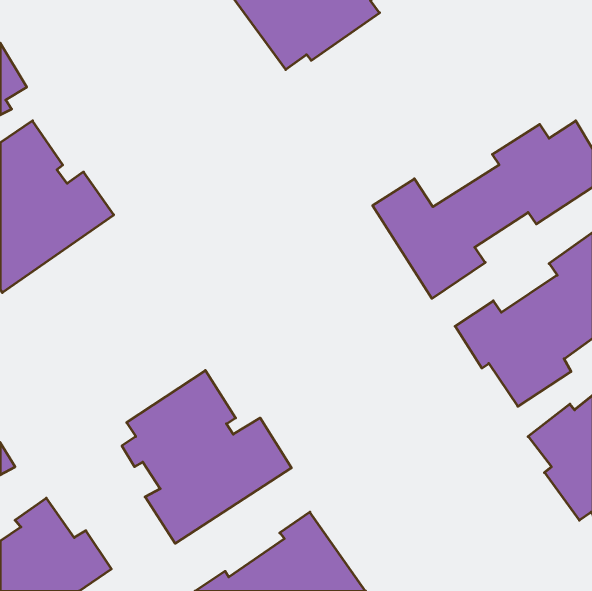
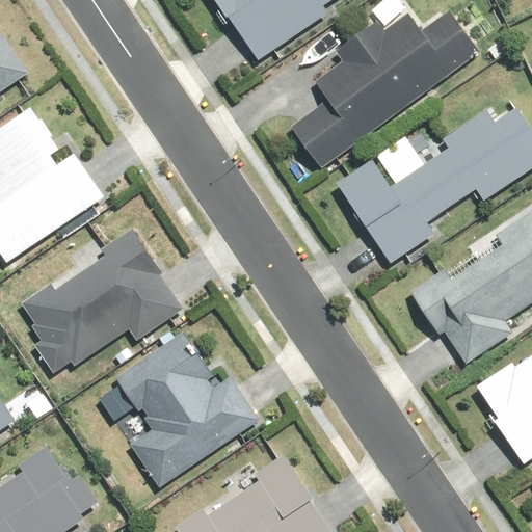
building: none -> [288,12,478,168]
building: none -> [22,228,187,375]

